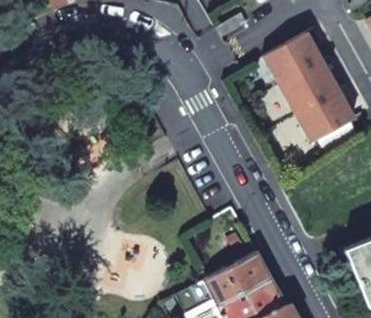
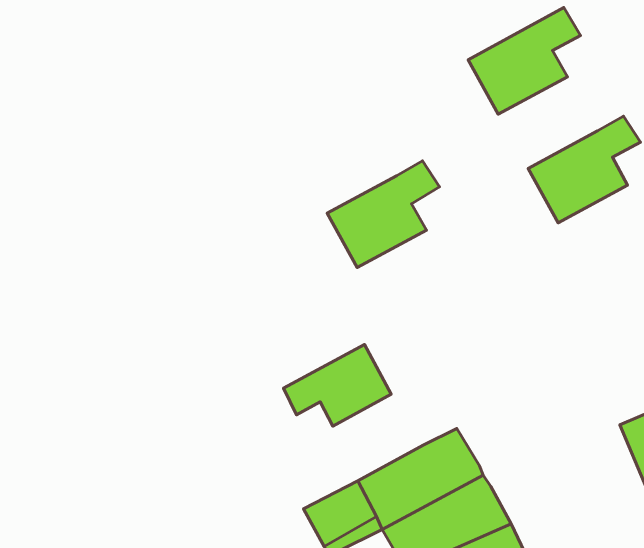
building: [279,56,339,113] -> [327,161,439,267]
building: none -> [283,345,391,426]

